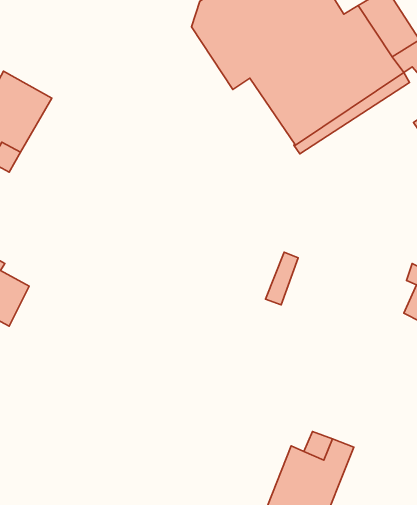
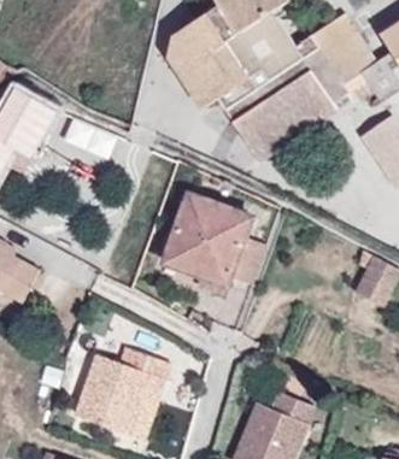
building: none -> [170,195,250,284]
building: none -> [75,347,169,439]

